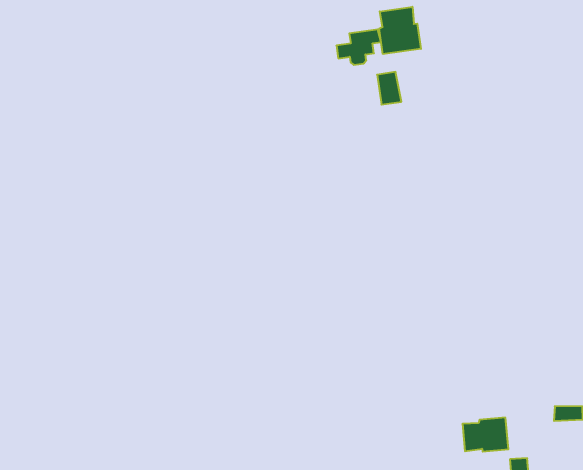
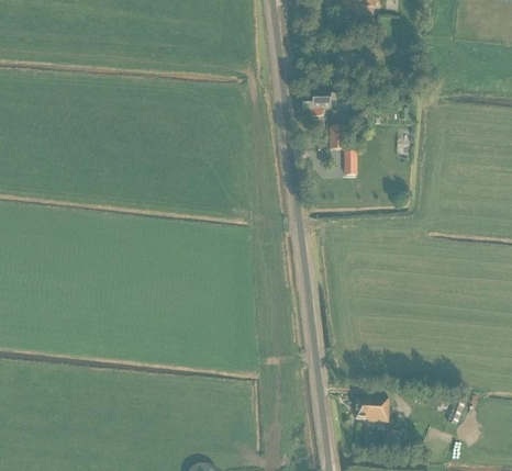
building: [379,7,421,54] -> none

